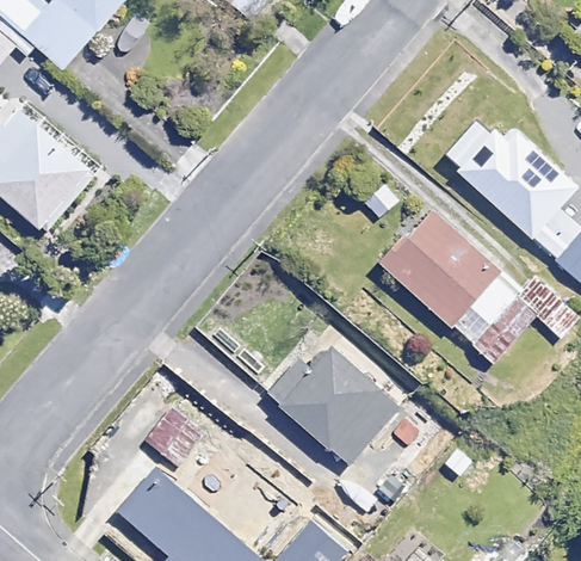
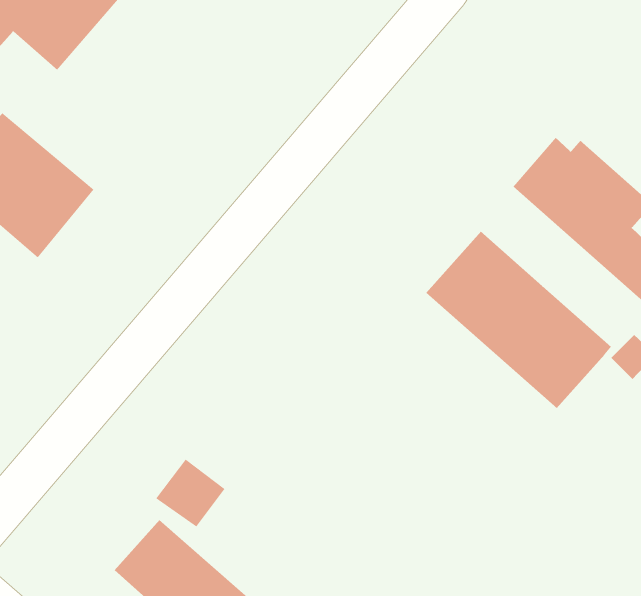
building: [267,337,398,464] -> none

